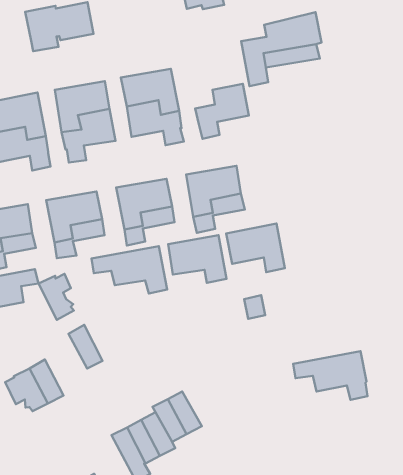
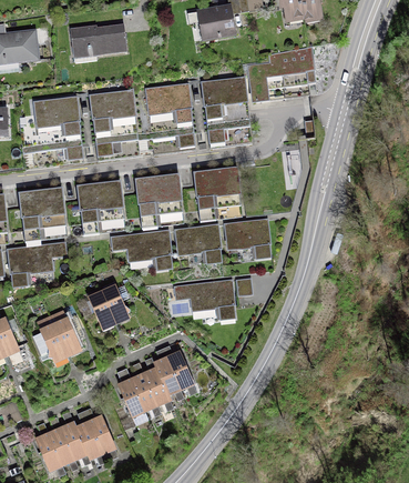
building: none -> [201,77,246,118]
building: [38,274,74,320] -> [101,284,129,322]
building: [293,351,368,400] -> [174,279,234,319]

